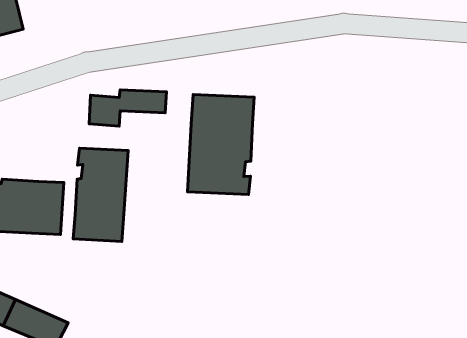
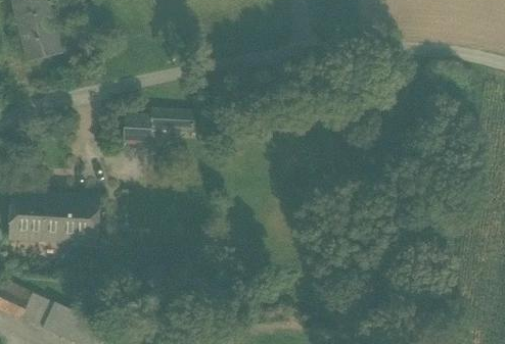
building: [187,95,254,194] -> none
building: [73,148,128,241] -> none

